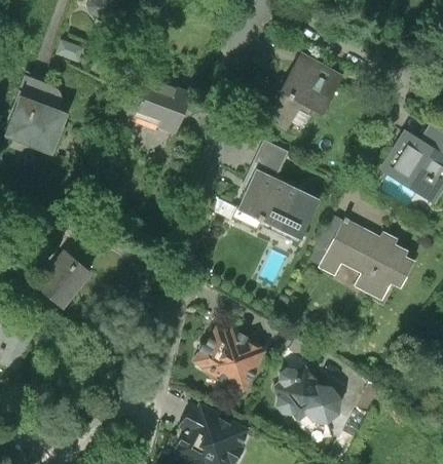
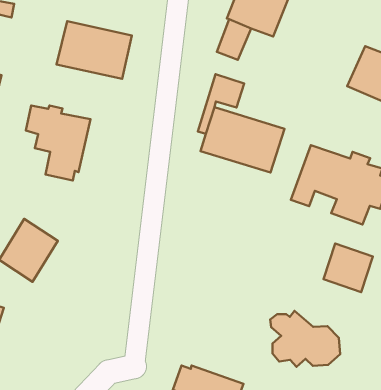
building: none -> [26,105,90,180]
building: none -> [324,244,373,292]
building: [196,330,267,392] -> none

